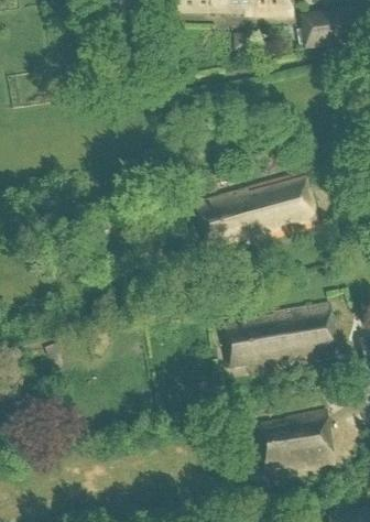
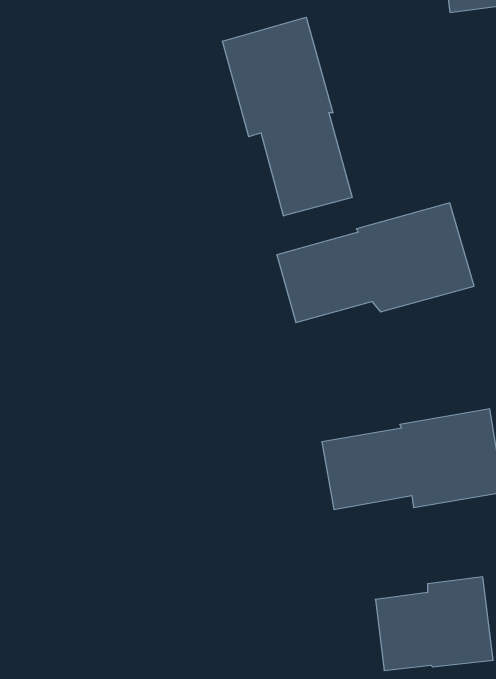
building: none -> [222,17,352,216]

